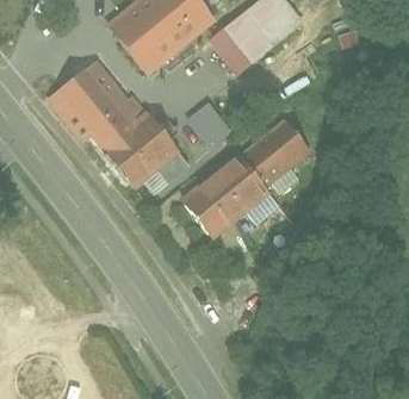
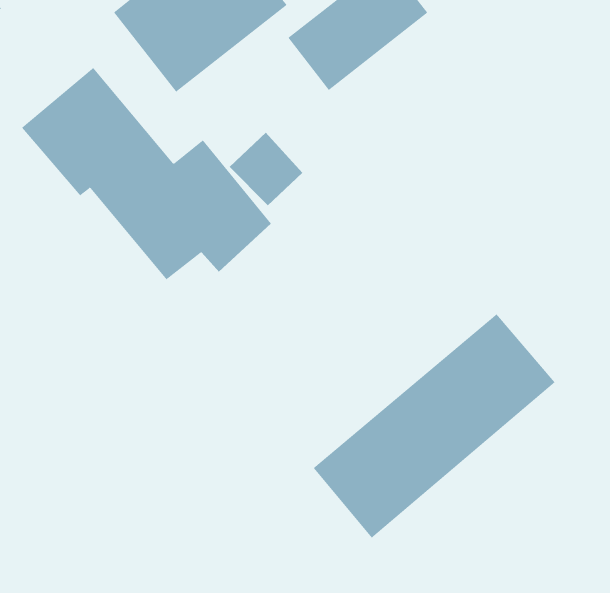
building: [176,107,324,244] -> [313,314,556,538]

